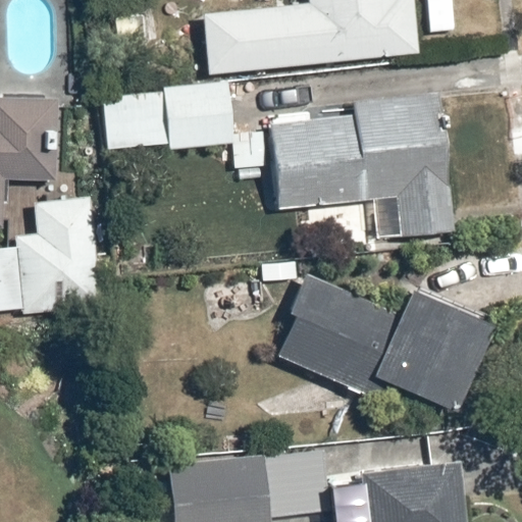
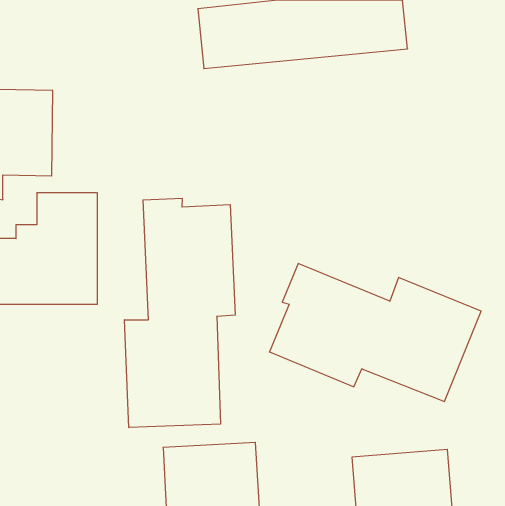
building: [102,84,232,149] -> none
building: [270,99,452,241] -> none
building: none -> [124,198,235,428]

